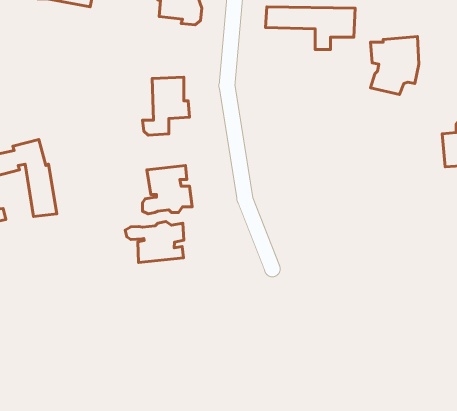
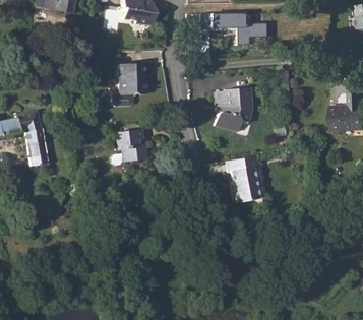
building: [371,37,419,95] -> [217,88,252,131]
building: none -> [229,154,261,202]
building: [125,222,184,263] -> none

